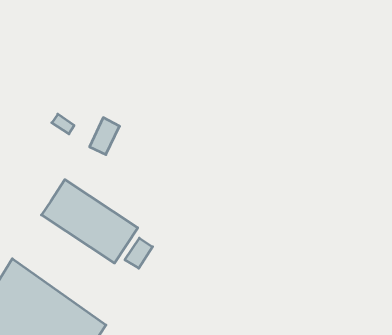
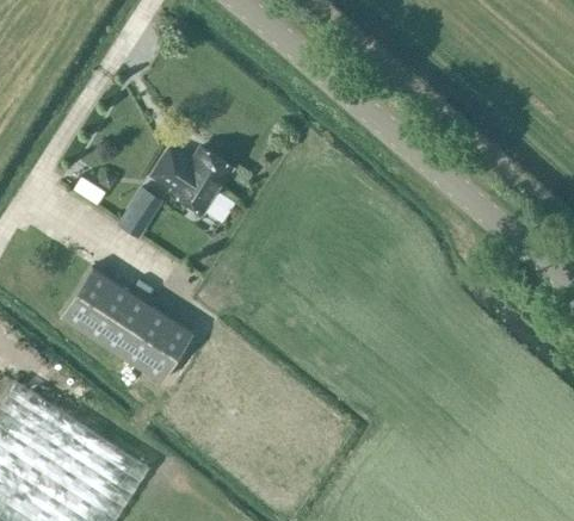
building: none -> [150,148,230,211]
building: [125,238,153,268] -> none

